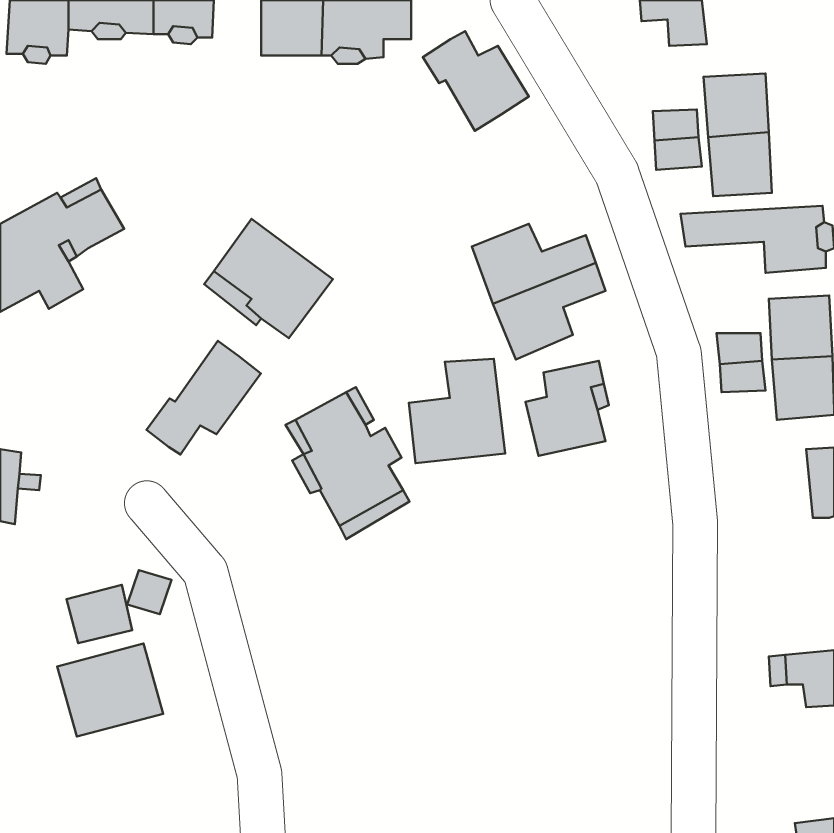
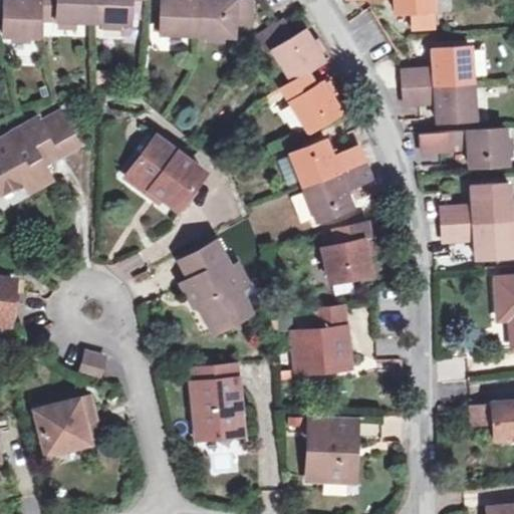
building: none -> [281,71,343,134]
building: [146,341,261,455] -> none
building: [409,359,505,463] -> [291,308,350,372]
building: [67,585,132,643] -> none
building: none -> [189,364,239,440]
building: none -> [308,420,356,482]

